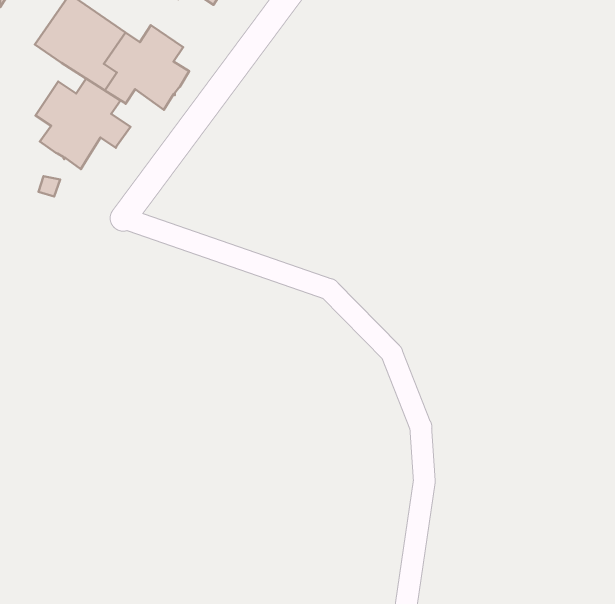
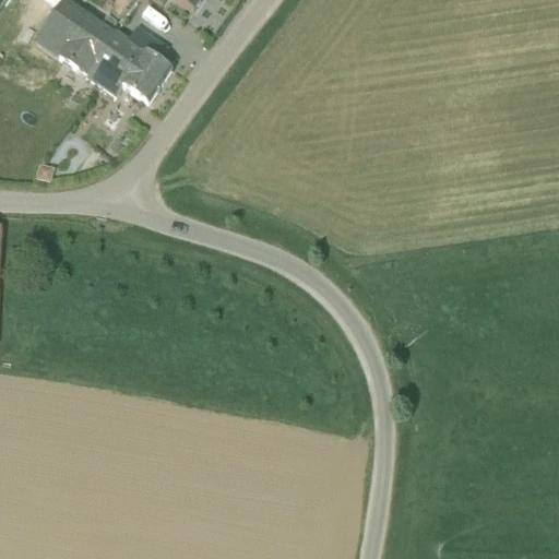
building: [36,78,130,169] -> none

